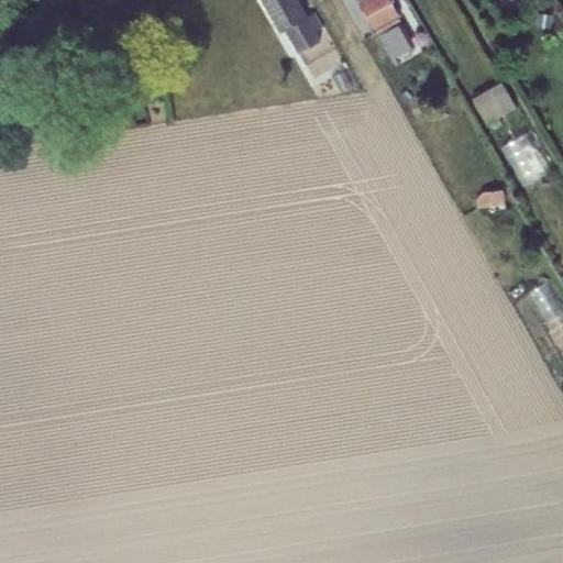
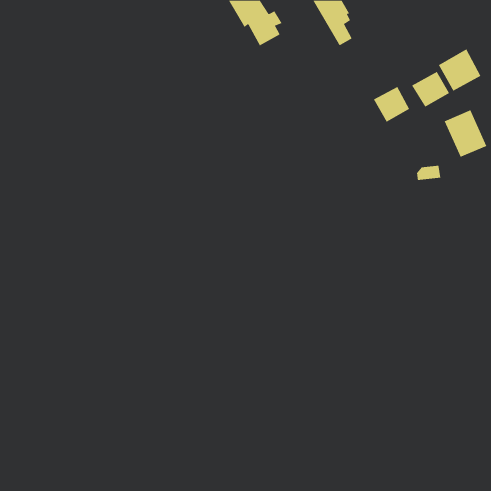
building: none -> [438,49,481,91]
building: none -> [373,86,410,122]

